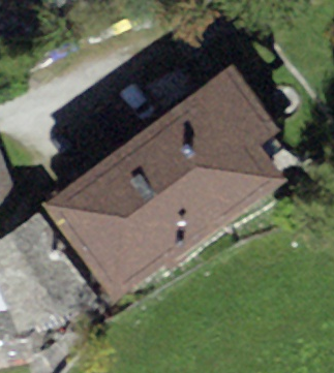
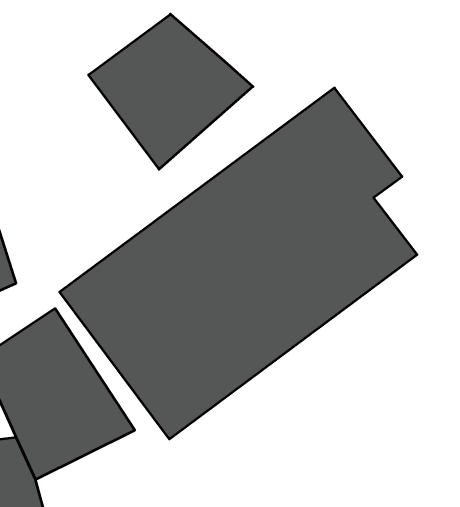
building: none -> [89,14,253,169]

